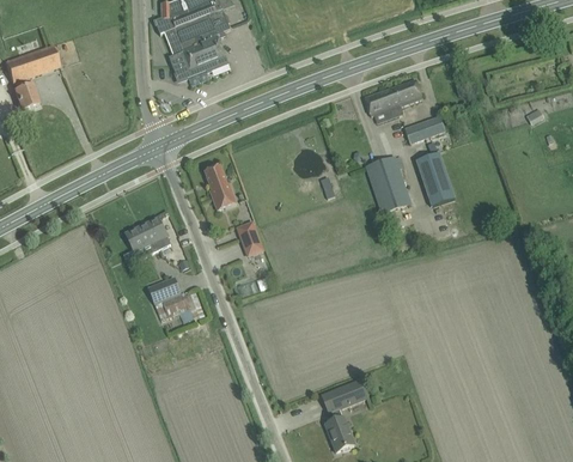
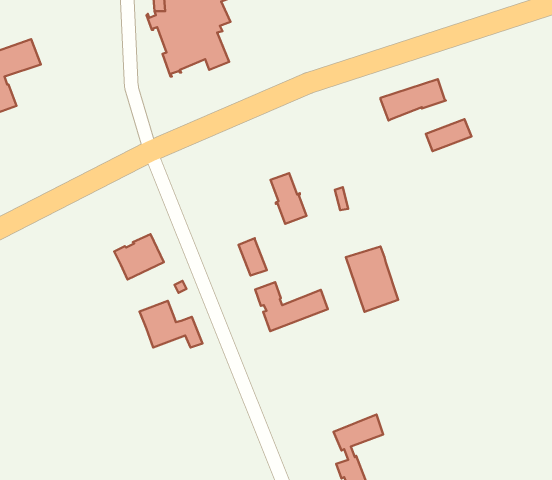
building: [415,152,455,206] -> none
building: [364,156,410,214] -> [346,247,398,312]
building: [203,164,236,209] -> [270,173,307,224]
building: none -> [255,282,328,331]

